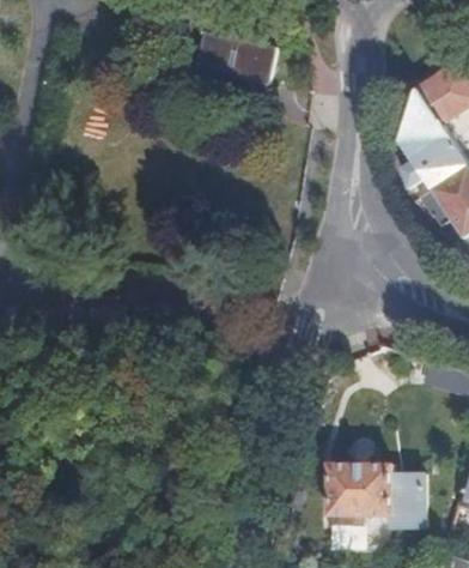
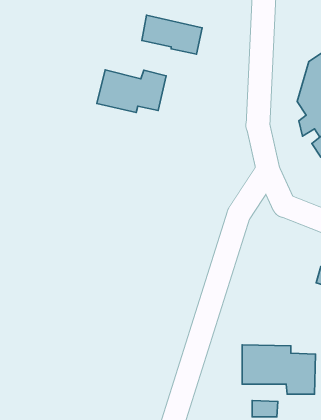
building: none -> [97,70,166,113]

